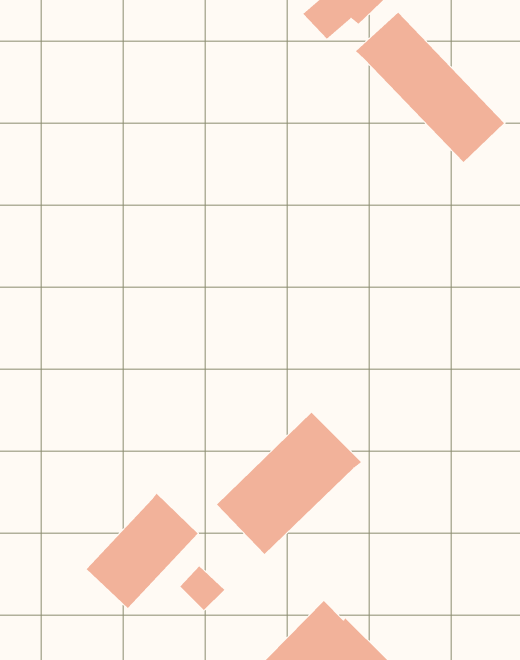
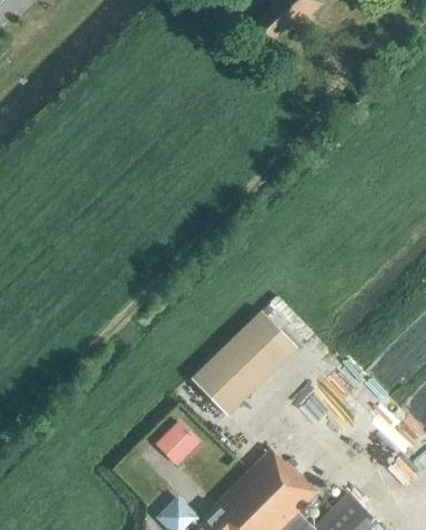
building: [355,12,505,163] -> none
building: [86,493,198,609] -> none

